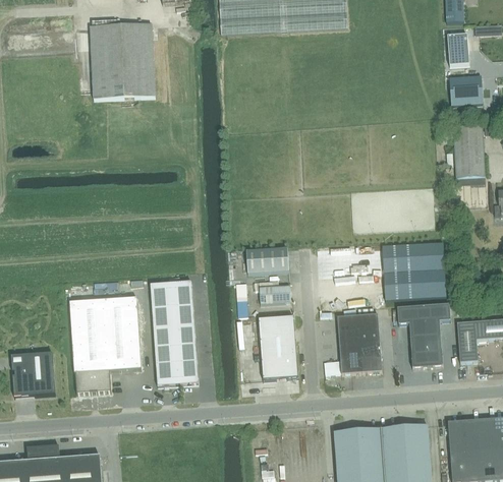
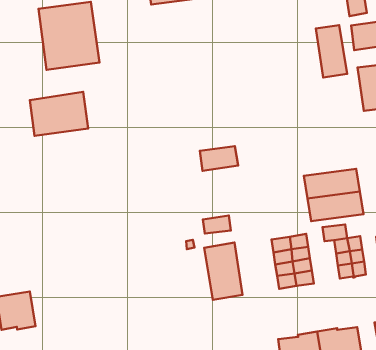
building: none -> [316,25,347,77]
building: none -> [30,92,88,136]
building: [245,247,288,273] -> [200,146,238,171]
building: [150,280,198,384] -> none
building: [69,297,141,393] -> none
building: [423,303,450,321] -> none

